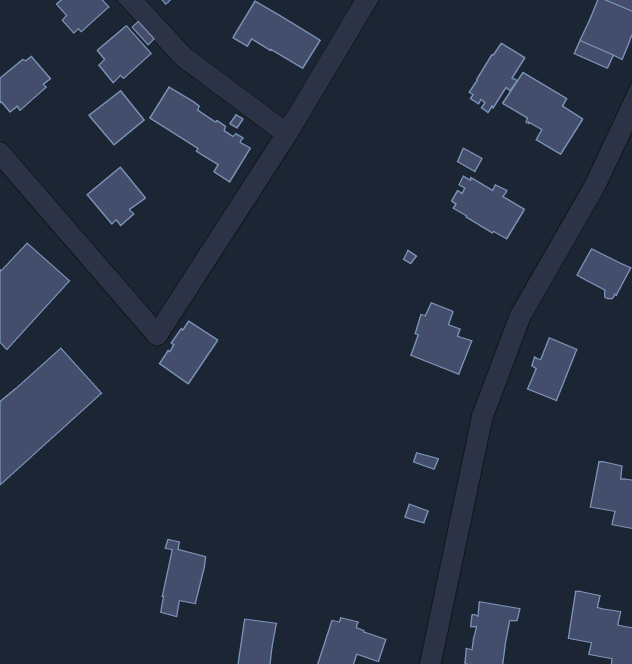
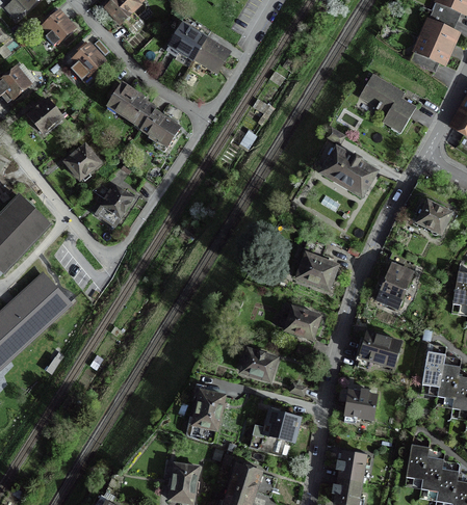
building: [469,43,525,113] -> none
building: [89,91,144,145] -> [25,98,64,136]
building: [159,321,218,384] -> [95,184,136,229]
building: none -> [278,308,319,338]
building: none -> [356,333,400,369]
building: none -> [241,350,275,379]
building: none -> [343,389,377,423]
building: [161,539,206,617] -> [191,383,224,438]
building: none -> [250,409,301,452]

